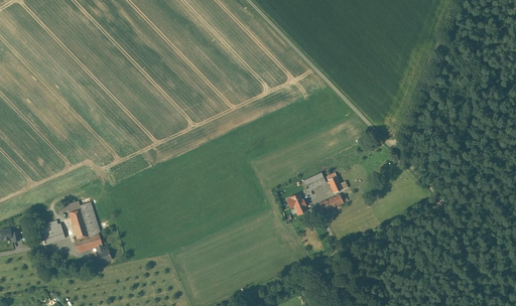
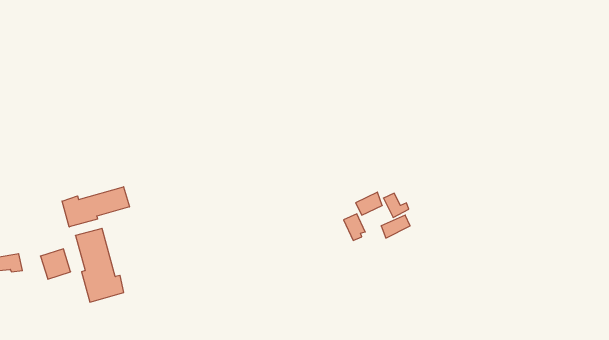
building: none -> [62,187,129,227]

